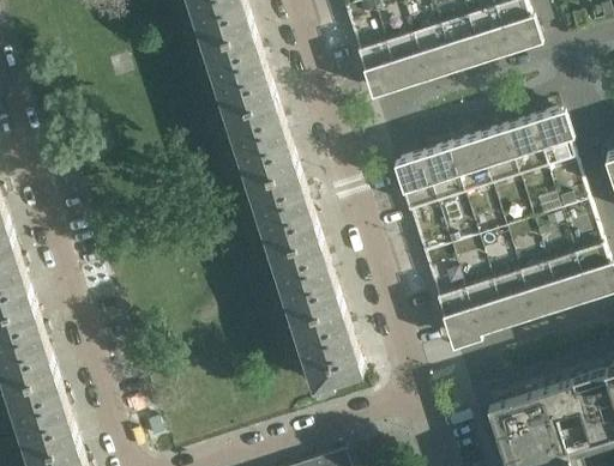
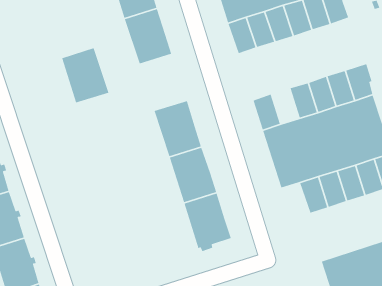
building: [222,96,294,180] -> [61,47,109,104]
building: [419,146,460,200] -> none
building: [433,288,478,346] -> none

